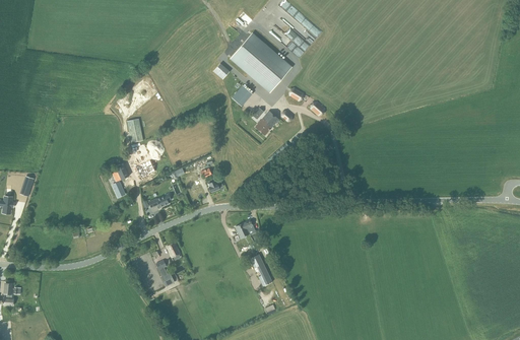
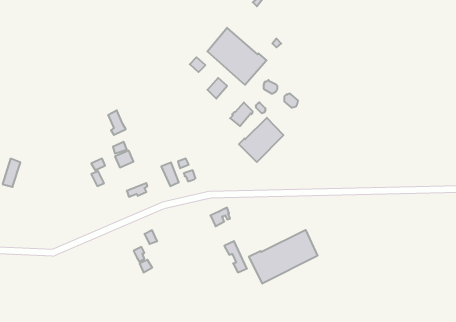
building: none -> [239,118,283,162]
building: none -> [249,230,317,284]

